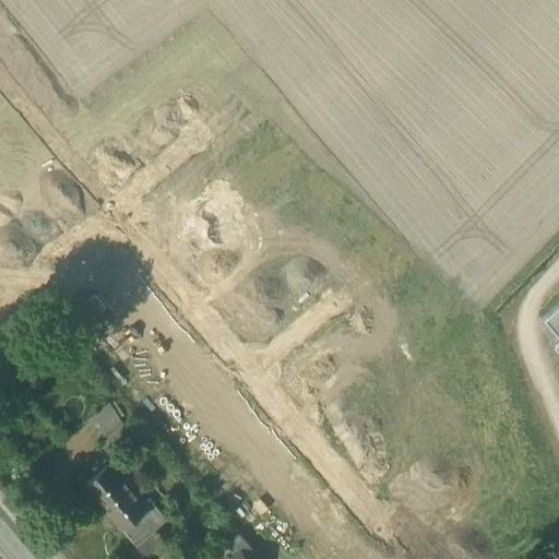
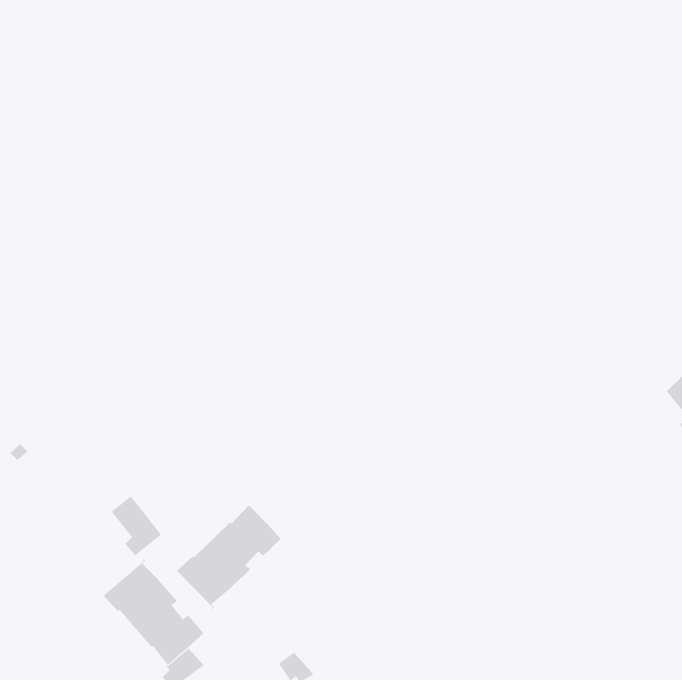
building: none -> [176,505,281,610]

